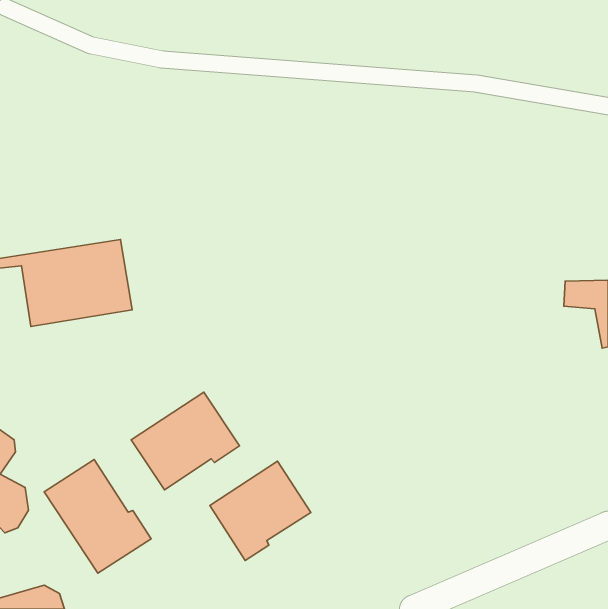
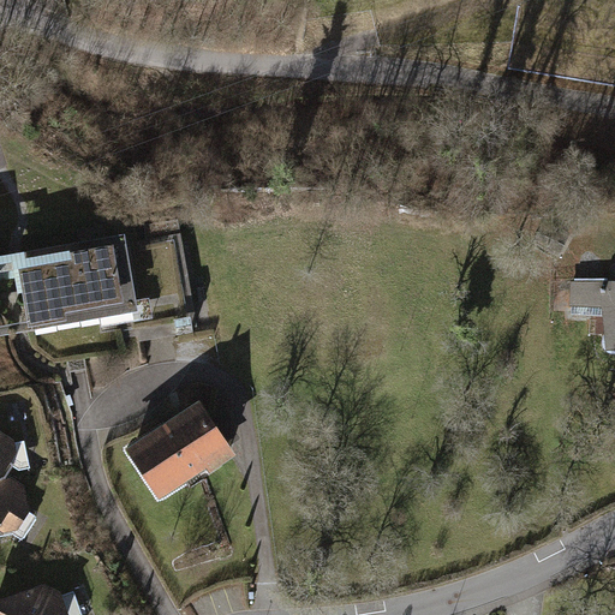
building: [44,460,151,573] -> none
building: [210,461,311,561] -> none

